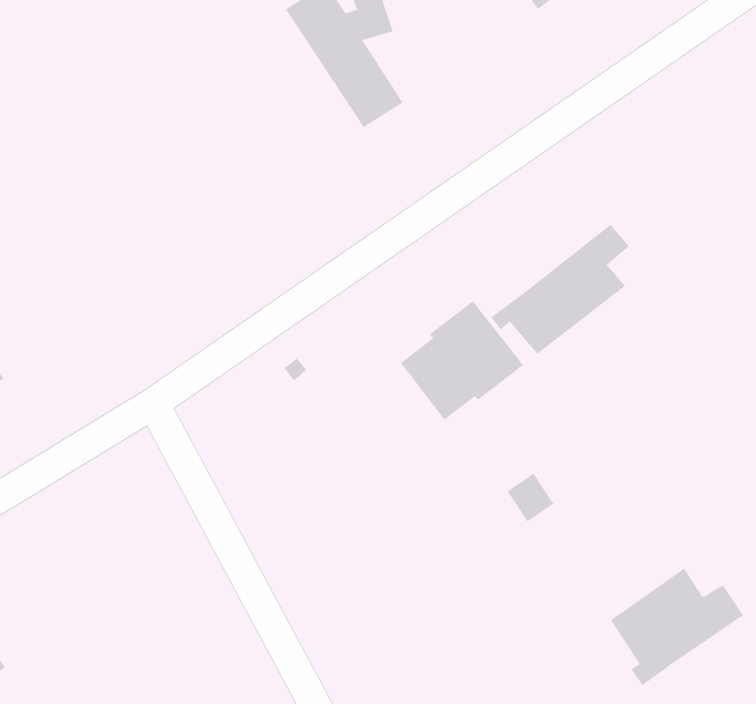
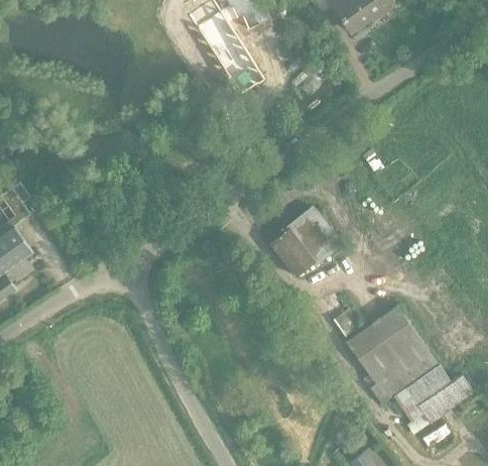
building: [490,224,629,355] -> none
building: none -> [344,305,436,401]

